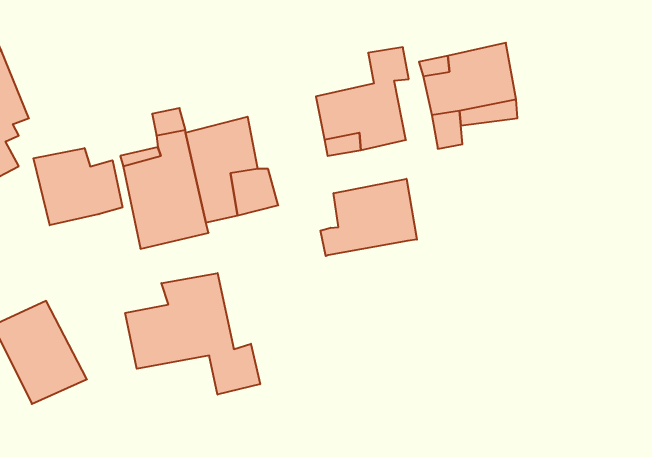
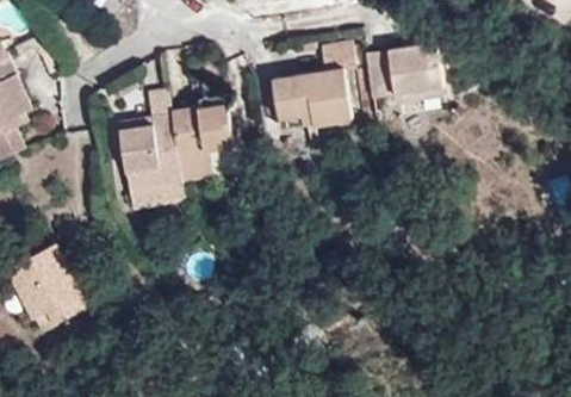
building: [33,148,122,225] -> none
building: [320,179,417,256] -> none
building: [125,273,260,395] -> none

